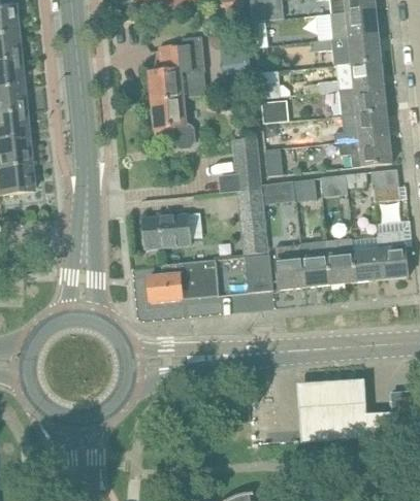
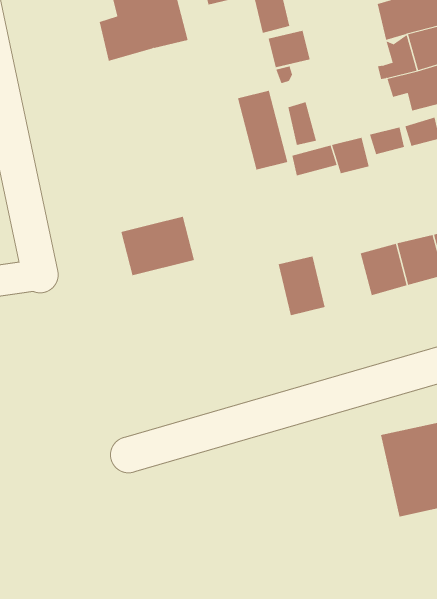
building: [151,97,193,146] -> none
building: [239,188,269,255] -> none
building: [273,244,304,289] -> none
building: [148,259,217,302] -> none

